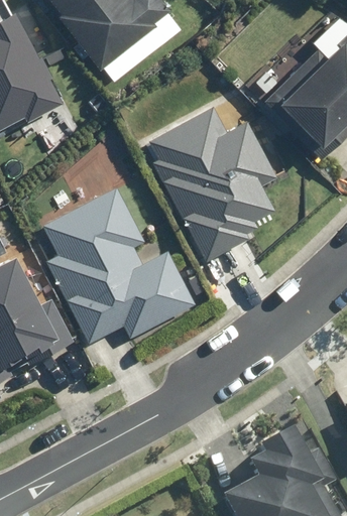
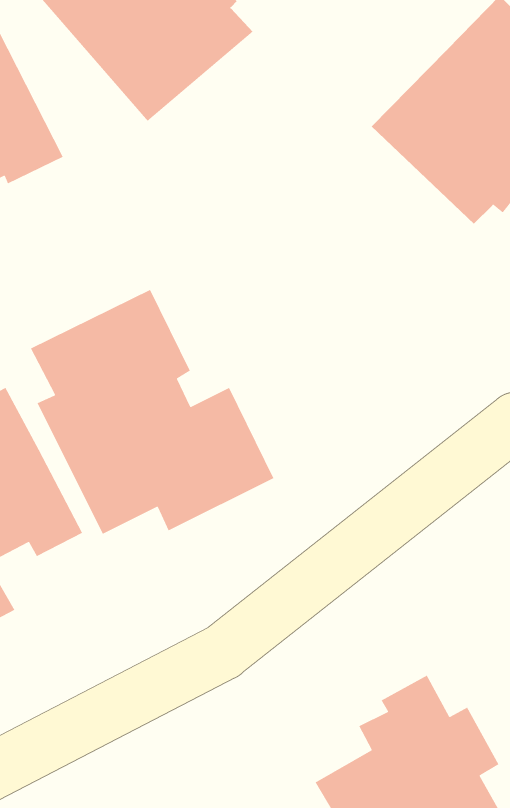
building: [148,106,278,265] -> none

